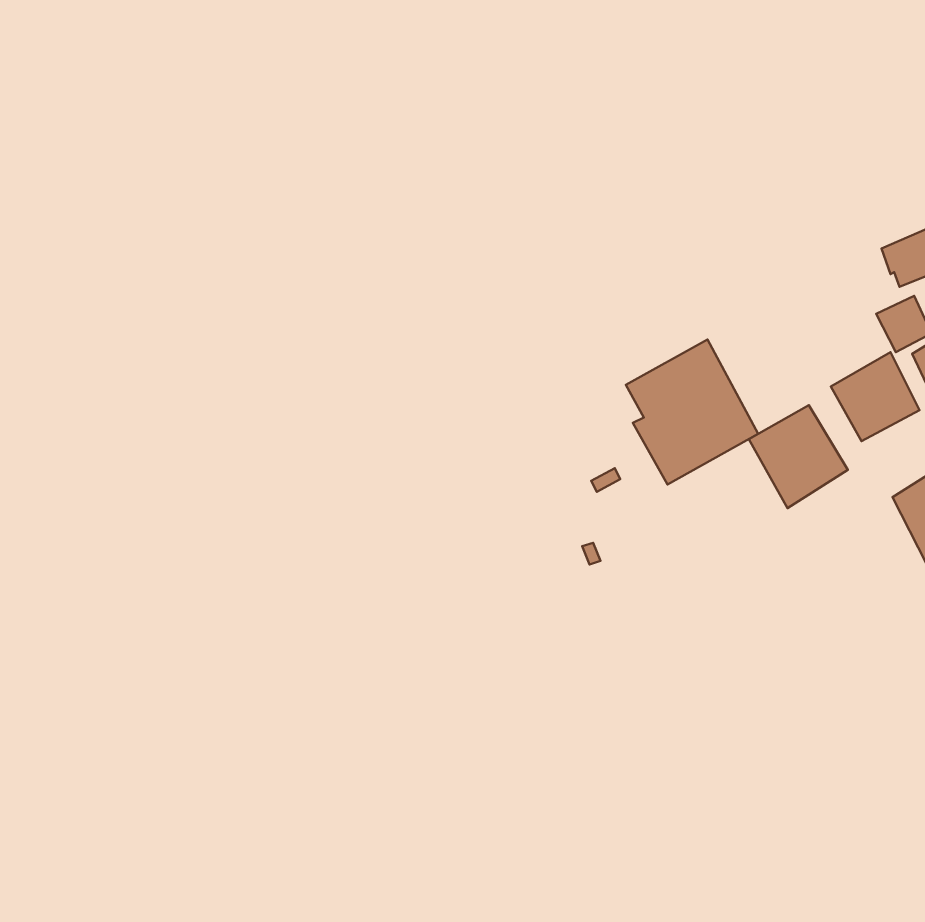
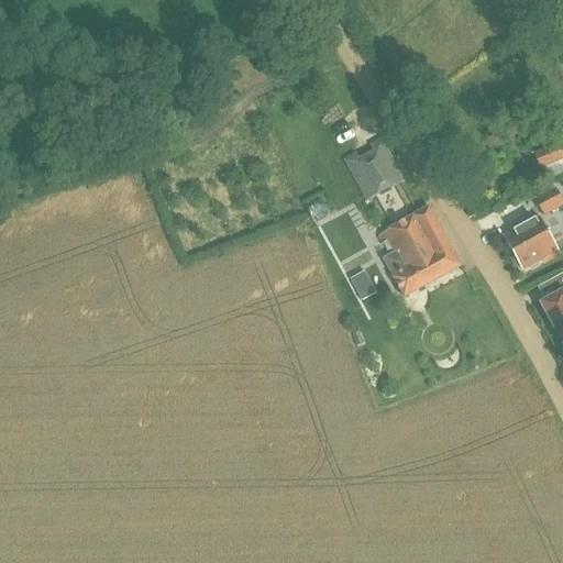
building: none -> [344,134,406,198]
building: [749,405,848,508] -> none

